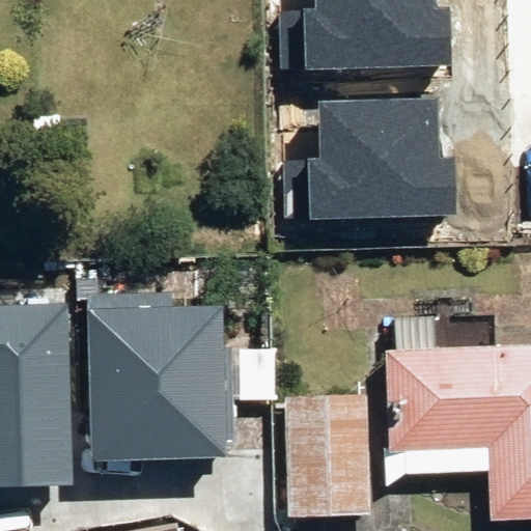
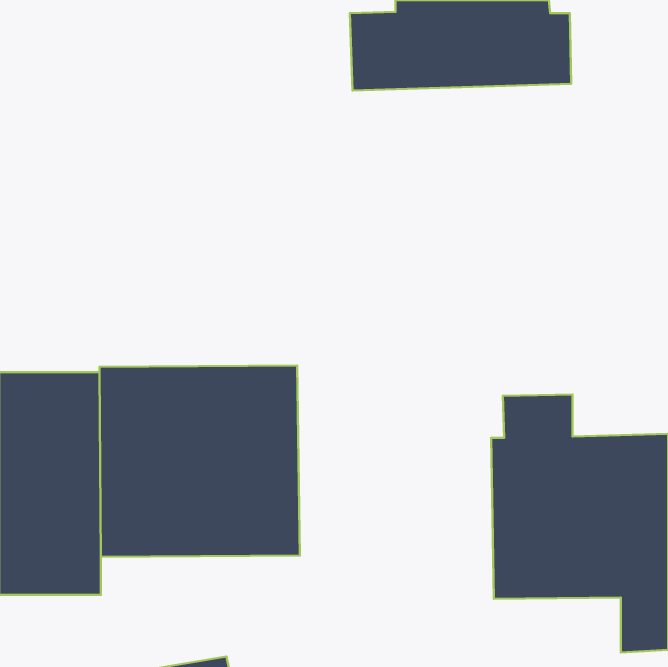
building: [282,101,457,222] -> none
building: [288,390,370,518] -> none

